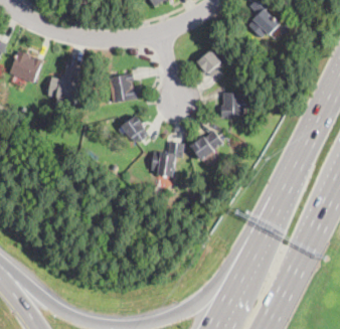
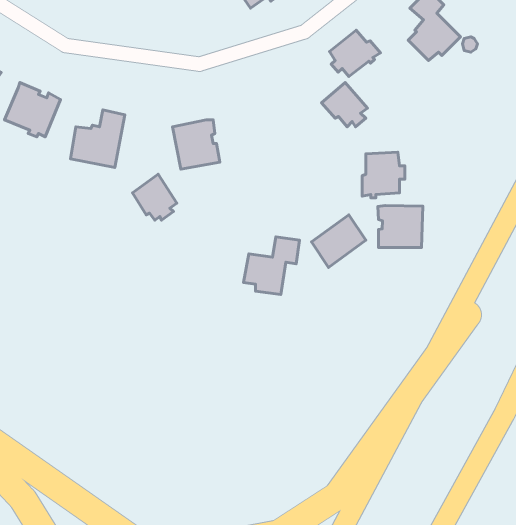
building: none -> [330,30,380,77]
building: [121,115,147,142] -> [133,174,177,220]
building: none -> [378,205,423,248]

